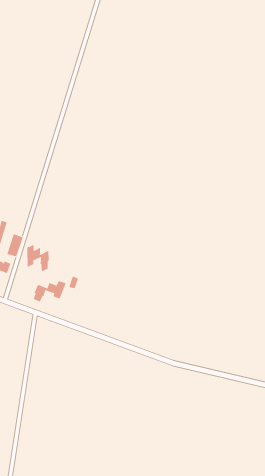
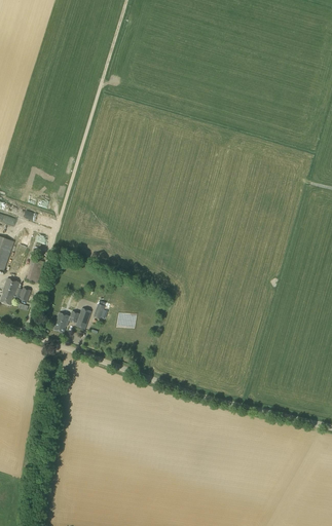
building: [27,244,49,272] -> none

